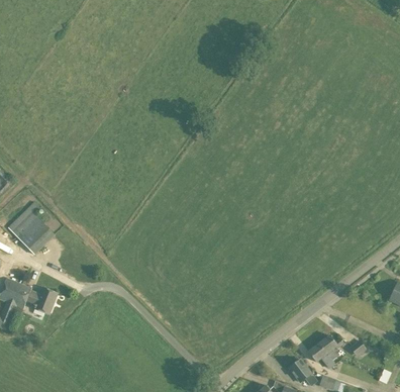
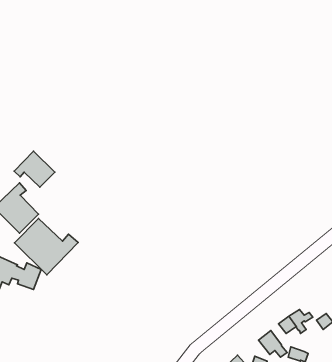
building: none -> [14,151,55,187]
building: none -> [15,219,78,275]

